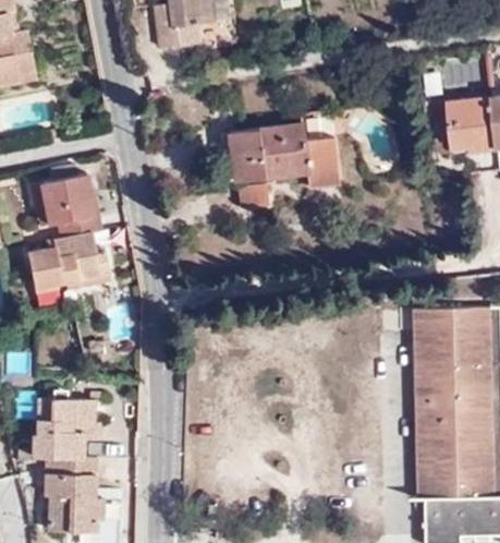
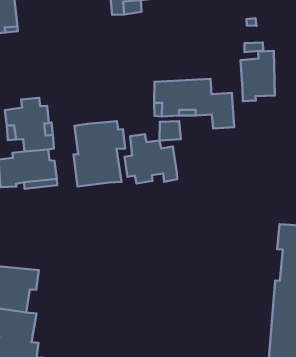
building: none -> [241,51,275,101]
building: none -> [74,121,125,187]
building: none -> [124,134,177,183]

